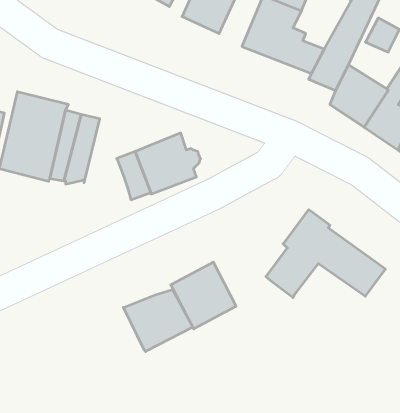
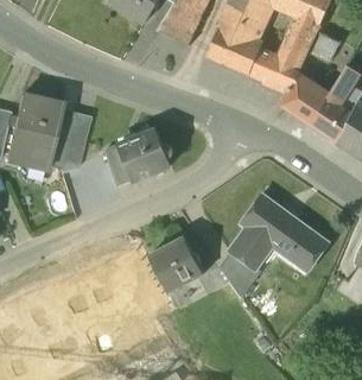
building: none -> [220,251,260,298]
building: [123,290,193,352] -> none

